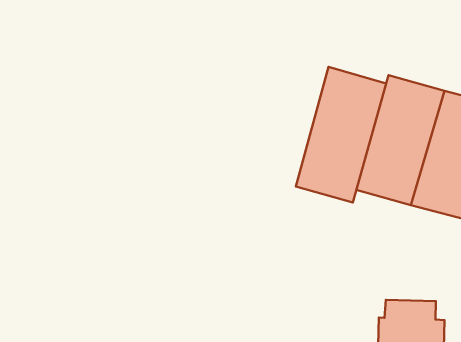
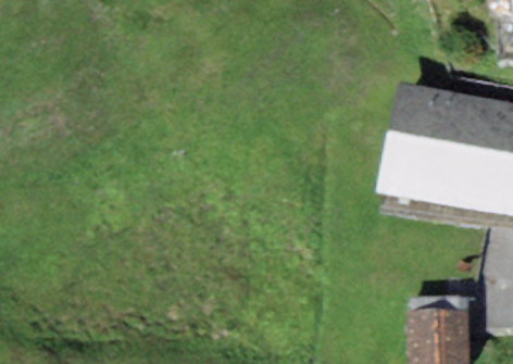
building: [296,67,386,202] -> none

